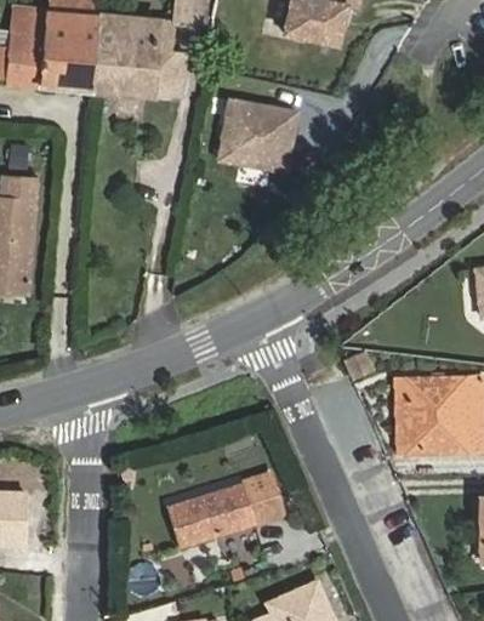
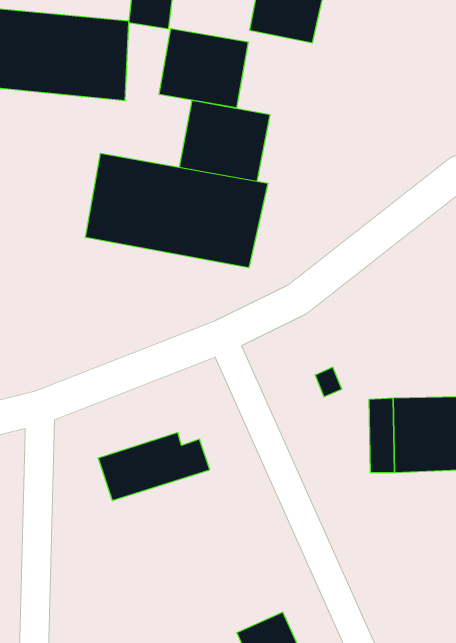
building: none -> [159,29,248,108]
building: none -> [85,153,268,268]
building: [169,478,274,542] -> [98,433,210,501]

